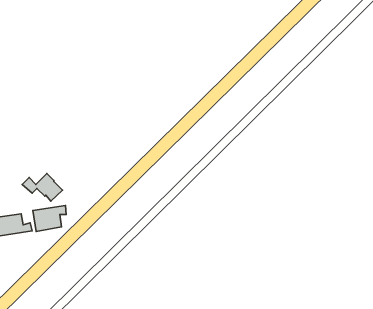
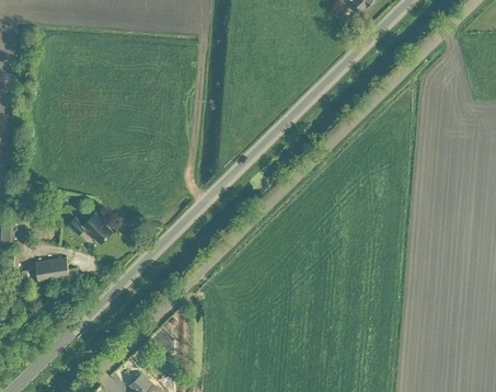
building: [33,205,66,231] -> none

